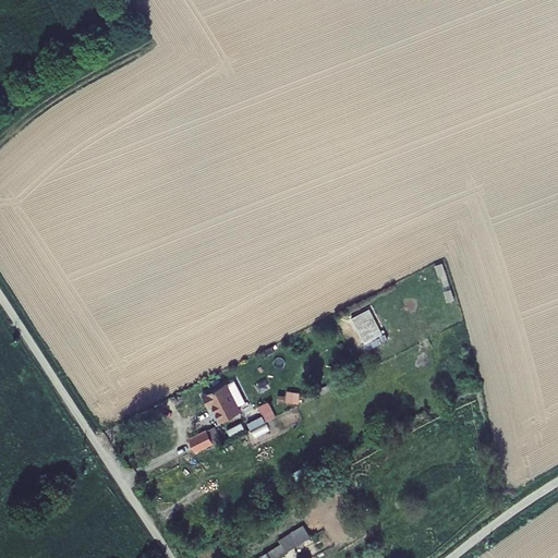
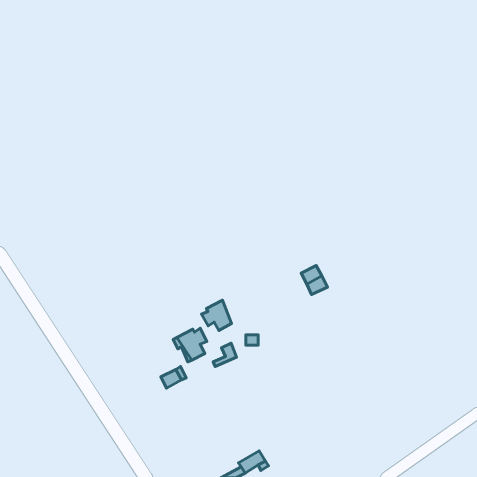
building: none -> [202,300,232,331]

